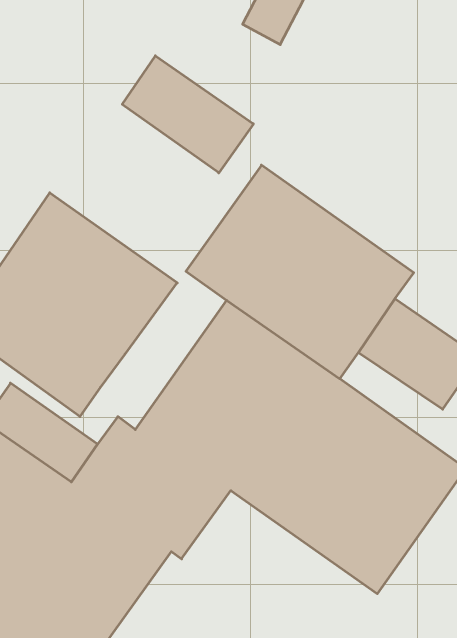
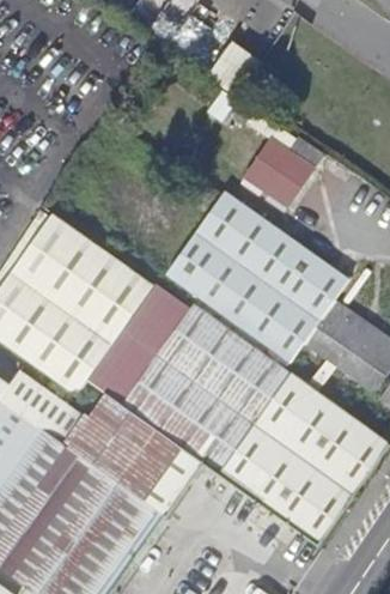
building: [122,56,253,173] -> none
building: none -> [240,134,312,205]
building: none -> [92,278,196,408]

